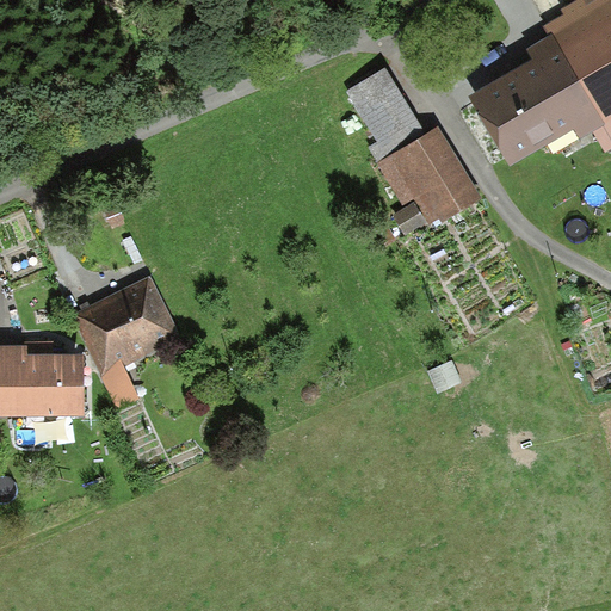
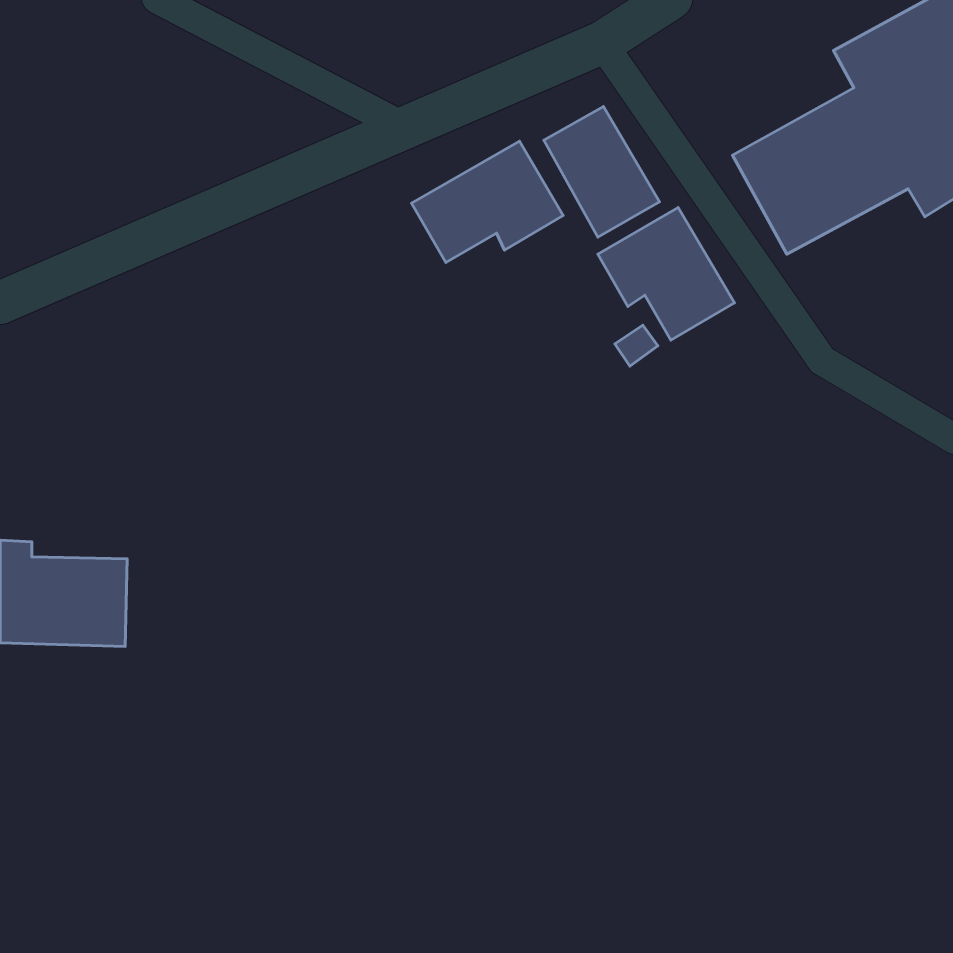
building: none -> [412,141,563,263]
building: [70,277,174,403] -> none

